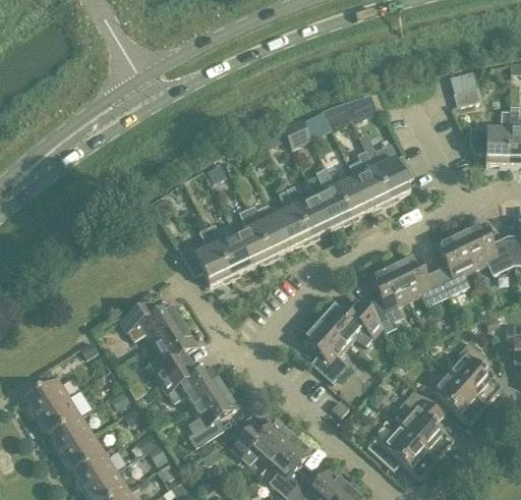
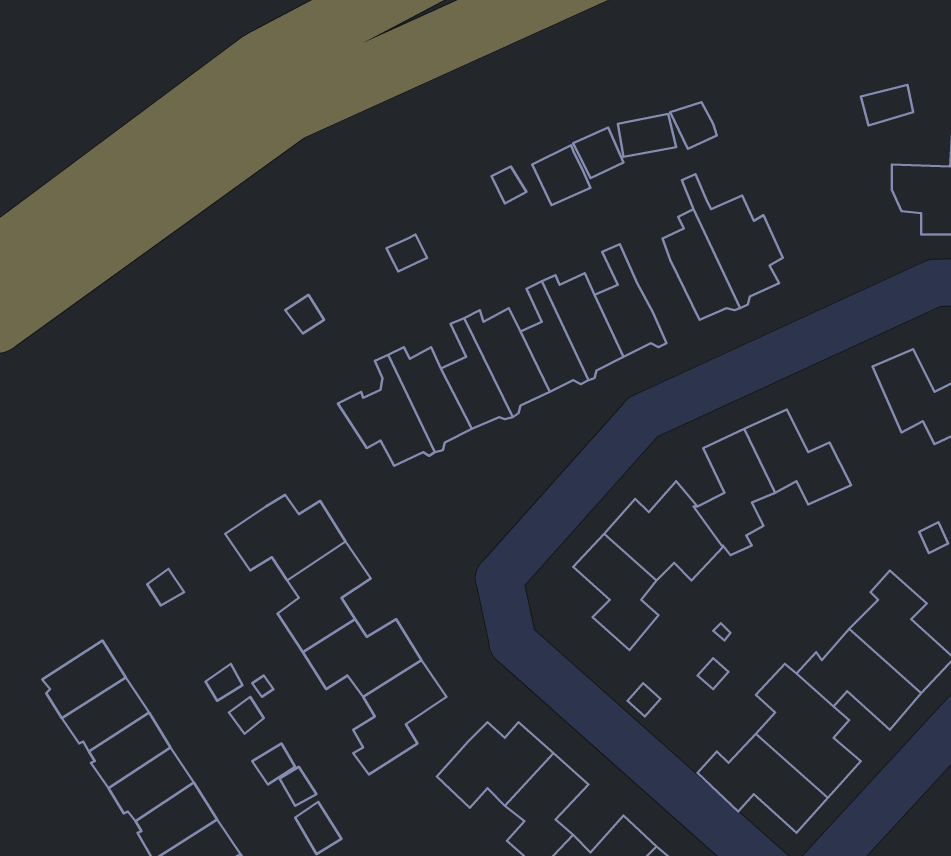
building: [328,166,369,221] -> none
building: [438,233,475,295] -> none

